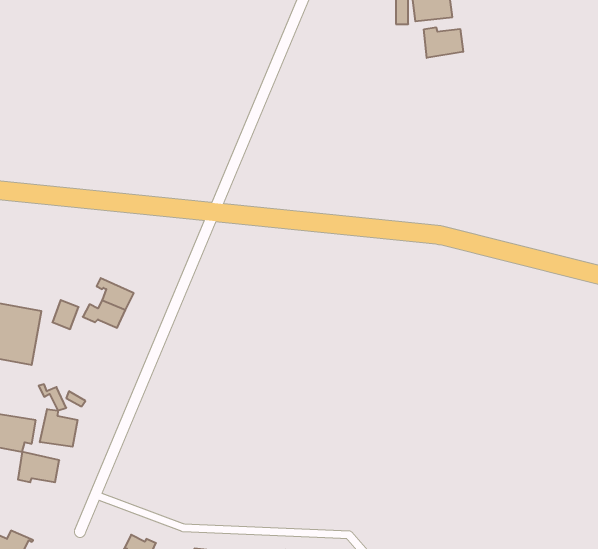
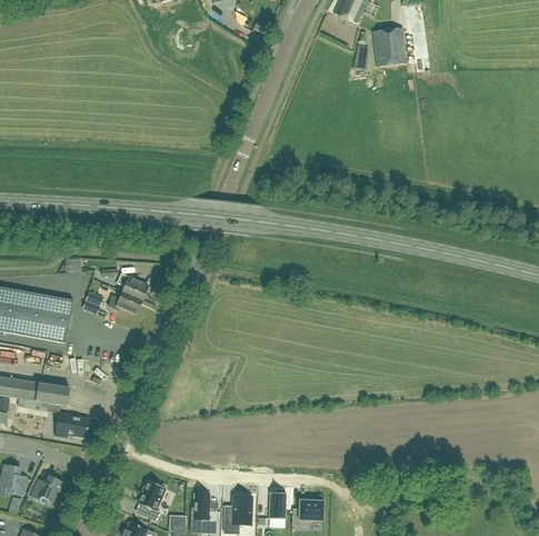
building: [424,27,463,58] -> none
building: [40,409,78,447] -> none

